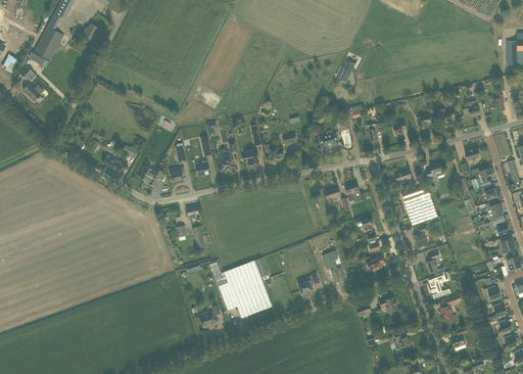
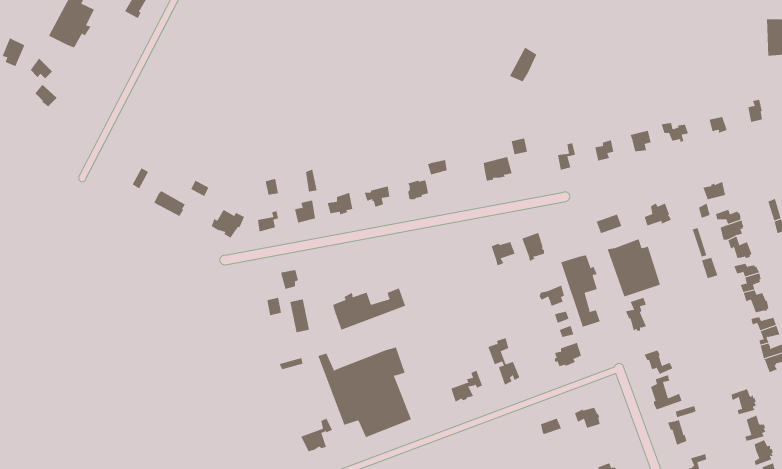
building: none -> [560,255,601,328]
building: none -> [333,288,406,330]

